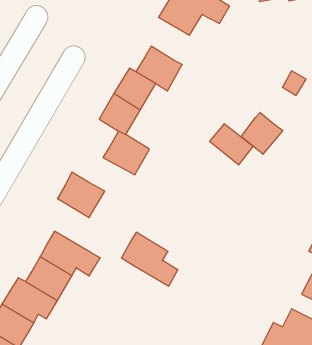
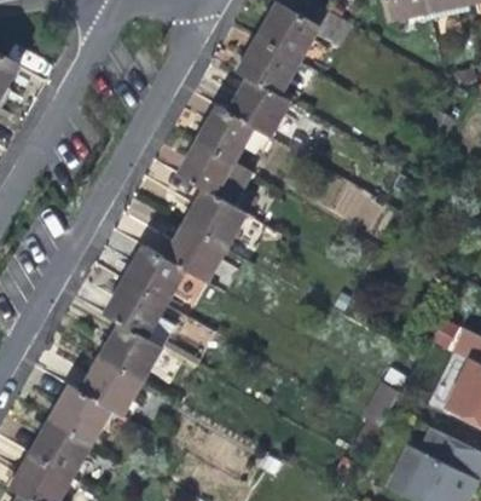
building: none -> [237,39,297,97]
building: [241,112,283,154] -> none
building: none -> [163,225,225,282]
building: [121,232,178,286] -> [103,280,178,351]

